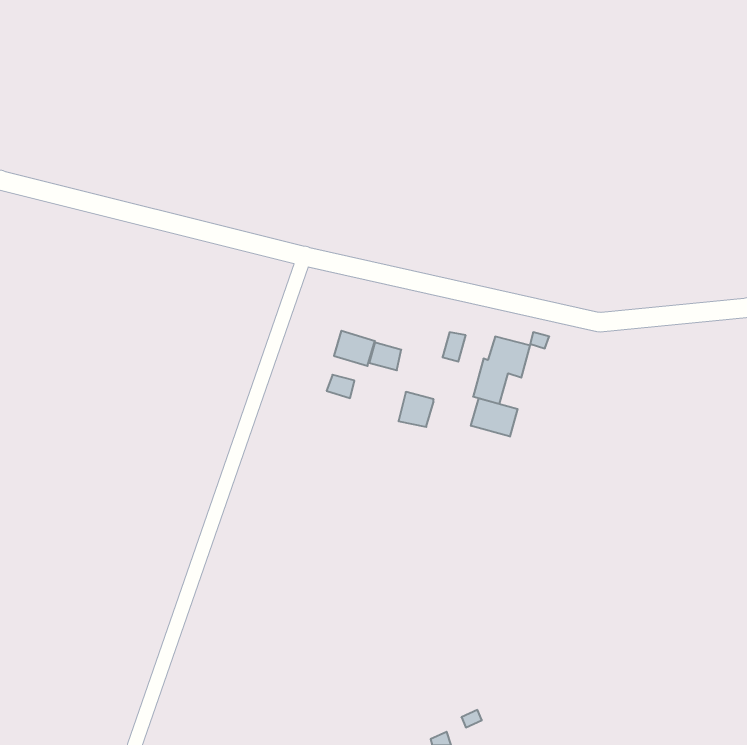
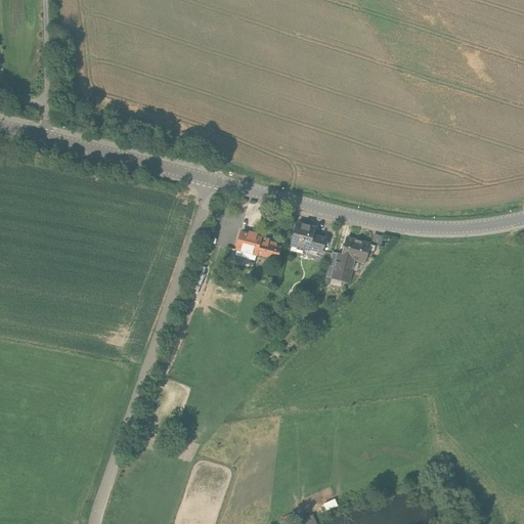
building: [398,392,434,427] -> [291,225,315,250]
building: [471,398,518,437] -> none

